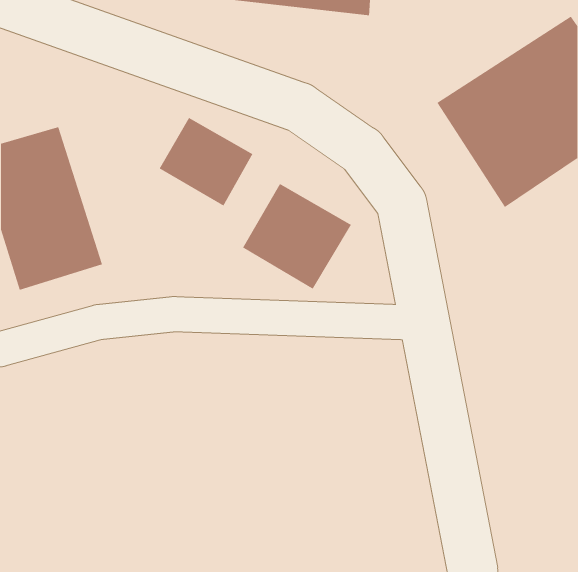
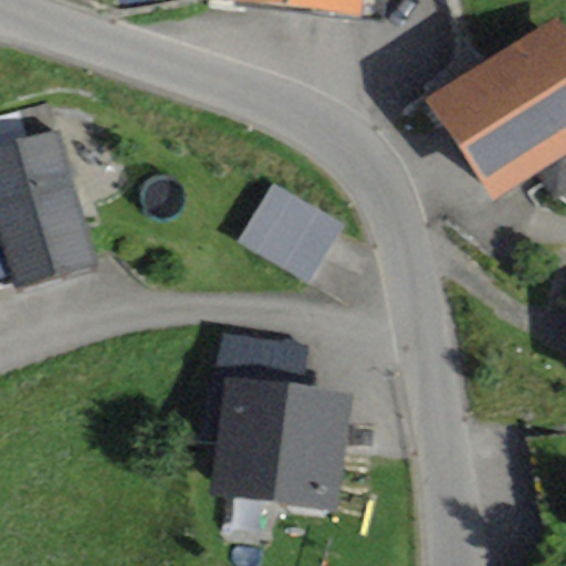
building: [159,117,253,206] -> none
building: none -> [207,373,350,511]

